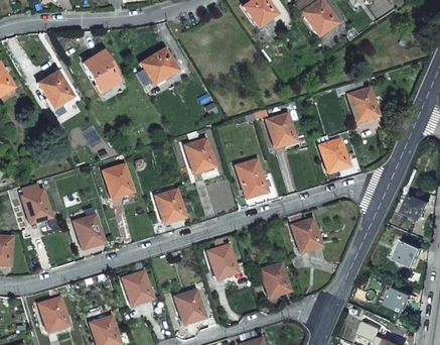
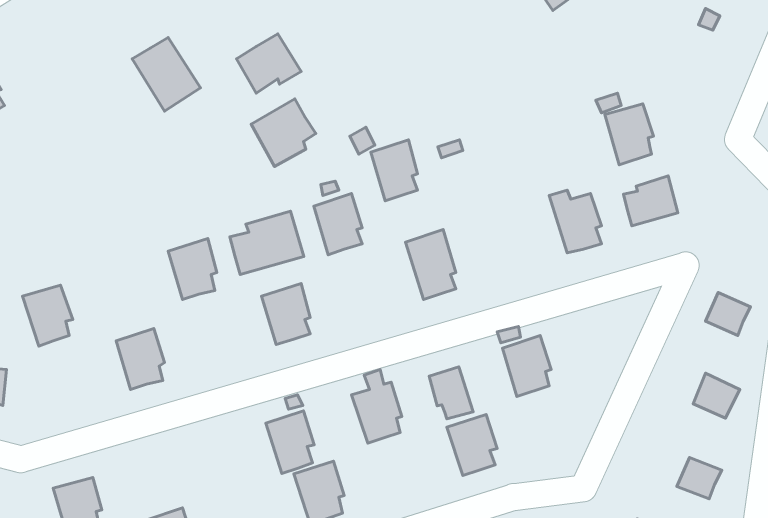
building: [38,72,69,108] -> none
building: none -> [251,99,316,166]
building: [267,113,293,147] -> [371,140,417,201]
building: none -> [623,176,678,226]
building: none -> [230,211,304,274]
building: none -> [429,367,473,419]
building: [122,270,149,306] -> [266,411,314,474]

